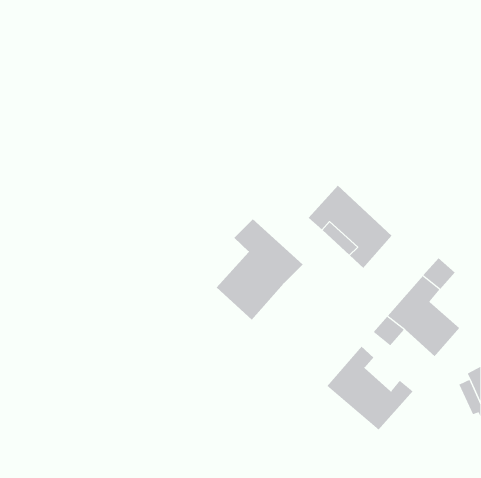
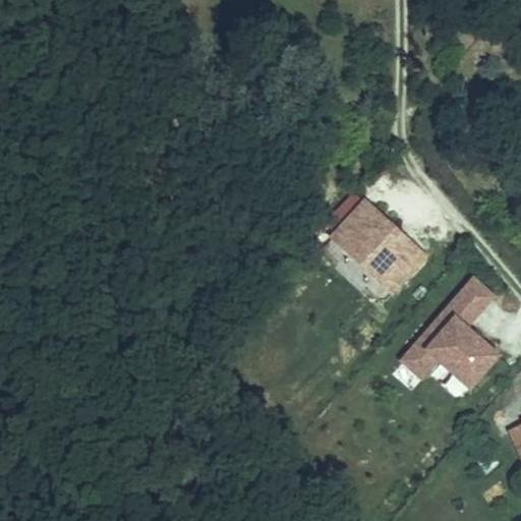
building: [216,219,304,320] -> none
building: [327,346,413,430] -> none

